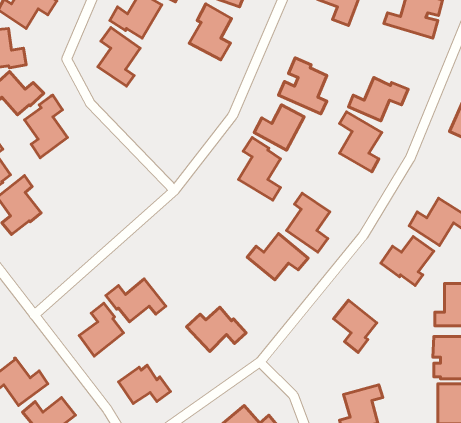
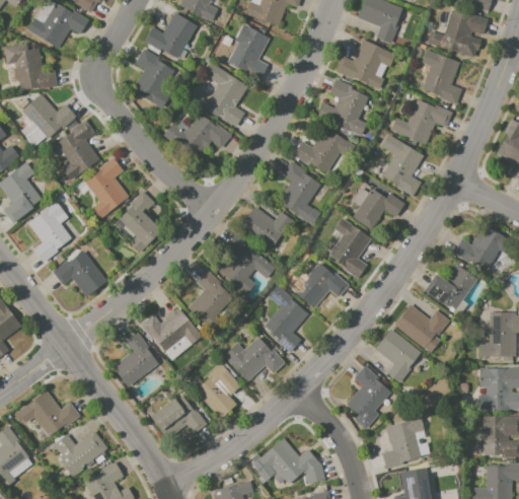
building: none -> [335,39,397,92]
building: none -> [421,50,461,103]
building: none -> [204,64,248,127]
building: none -> [176,114,231,156]
building: none -> [85,156,129,219]
building: none -> [353,188,404,230]
building: none -> [124,192,164,255]
building: none -> [239,207,292,252]
building: none -> [219,232,275,294]
building: none -> [53,248,107,297]
building: none -> [188,270,233,330]
building: none -> [255,286,308,352]
building: none -> [393,304,450,353]
building: none -> [196,364,240,420]
building: none -> [346,366,392,429]

